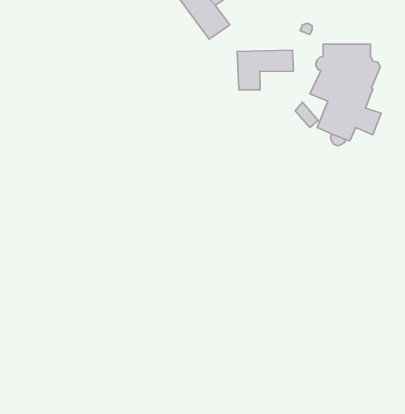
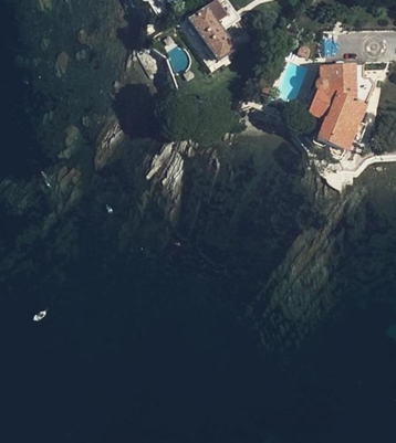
building: [237,50,293,90] -> none

